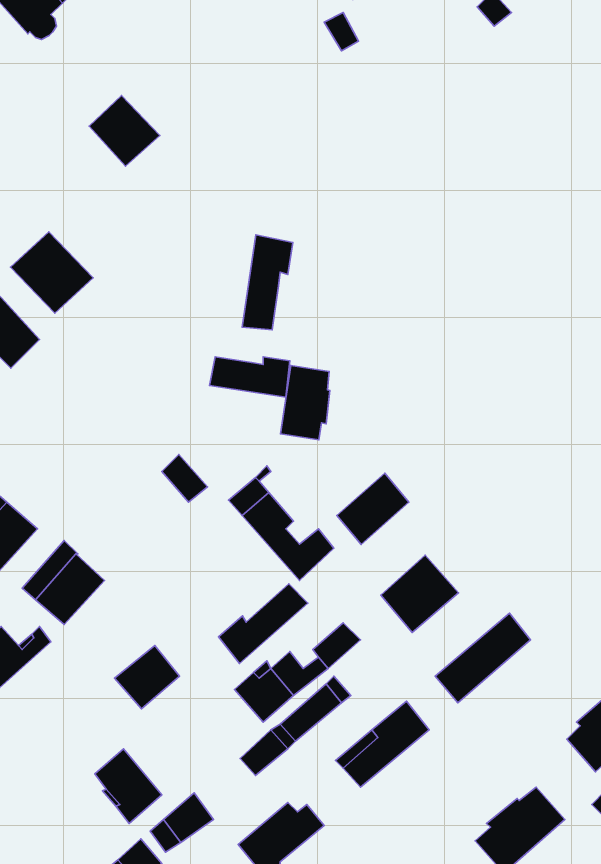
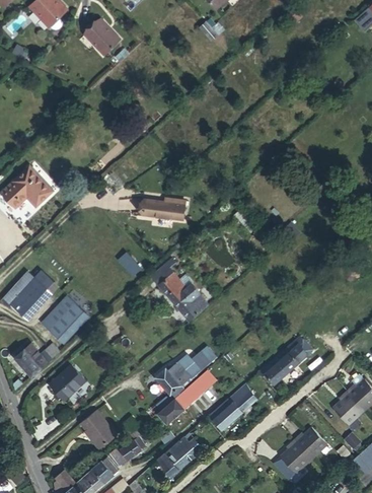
building: [89,95,160,166] -> [83,18,121,56]
building: [11,232,93,313] -> none
building: [242,235,293,330] -> none
building: [280,366,330,440] -> none
building: [337,473,409,544] -> none
building: [381,555,459,632] -> none
building: [218,584,308,664] -> none
building: [115,646,180,709] -> [51,367,85,401]

